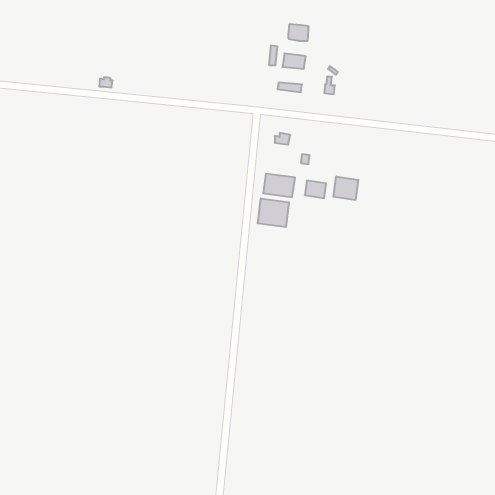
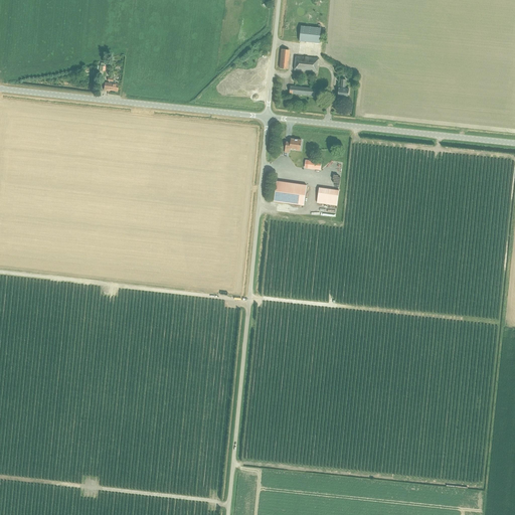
building: [333,176,358,200] -> none
building: [258,198,289,227] -> none

